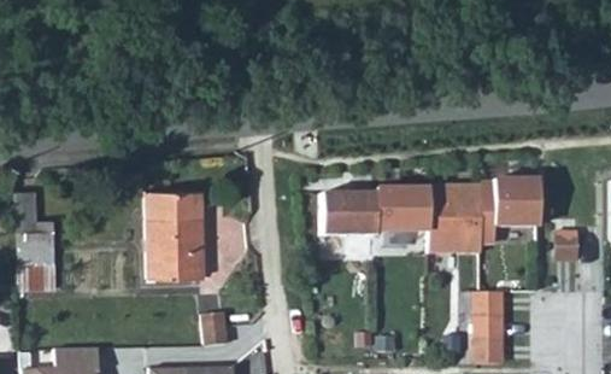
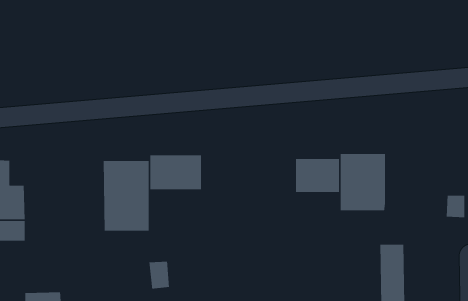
building: [482,177,539,241] -> none
building: none -> [150,154,202,190]
building: [322,192,375,234] -> none

